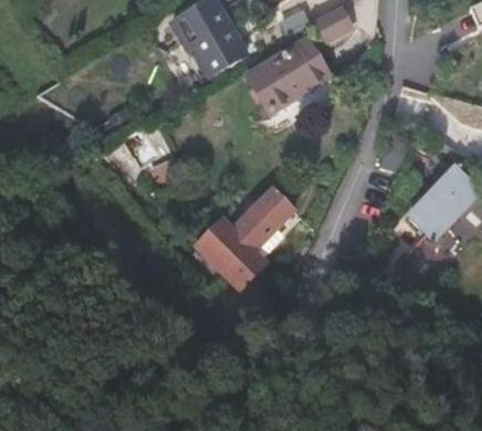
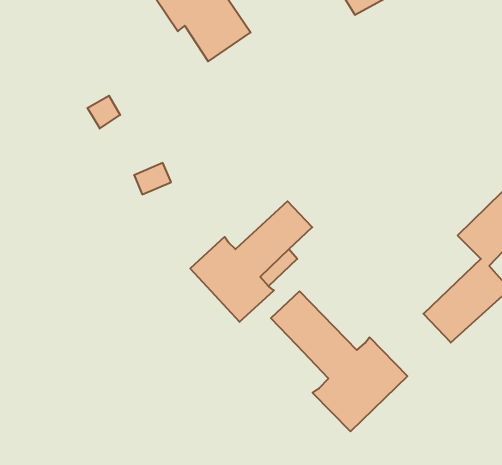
building: [245,35,331,109] -> none
building: none -> [271,291,407,431]

